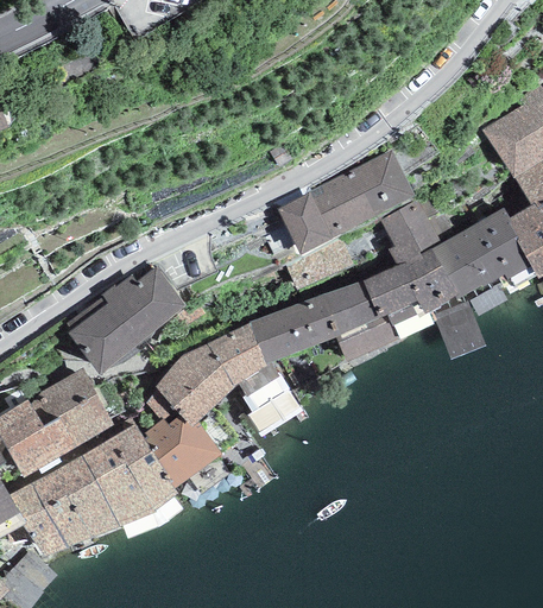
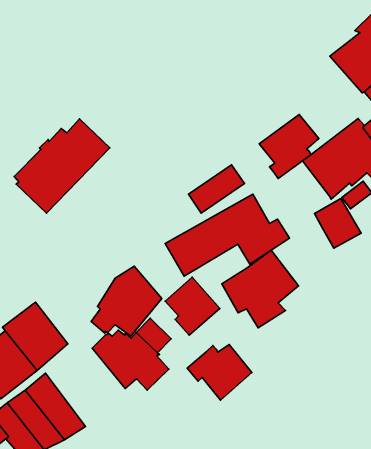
building: [277,150,416,254] -> none
building: [364,248,455,338] -> [222,250,298,328]
building: [67,266,187,373] -> [14,119,110,213]
building: [208,322,266,387] -> none
building: [82,423,179,526] -> none
building: none -> [187,345,252,400]

